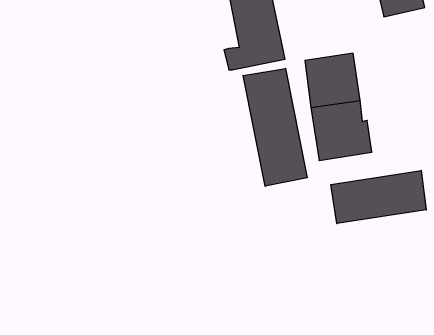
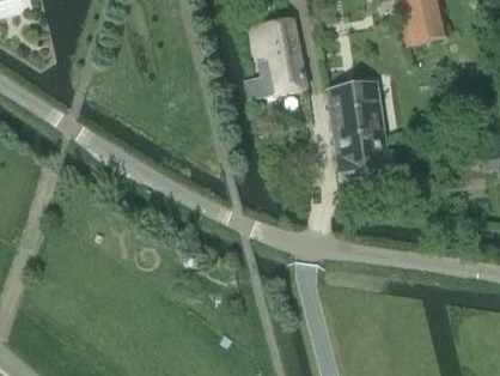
building: [243,68,307,186] -> none
building: [331,170,426,224] -> none

